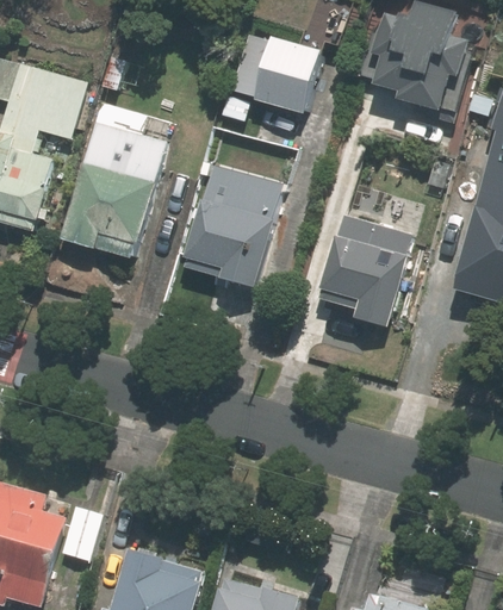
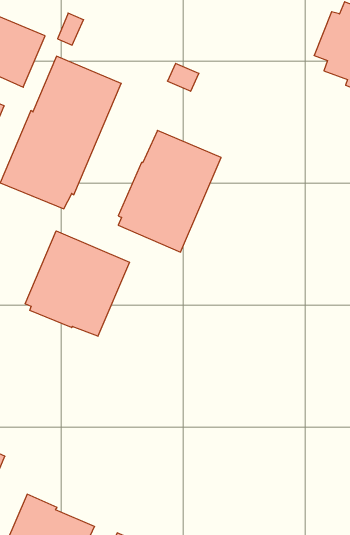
building: [230,32,322,114] -> none
building: [317,216,410,325] -> none
building: none -> [25,231,130,336]

